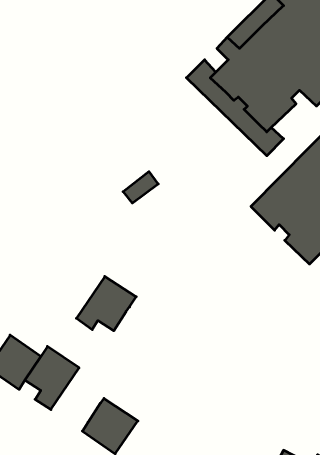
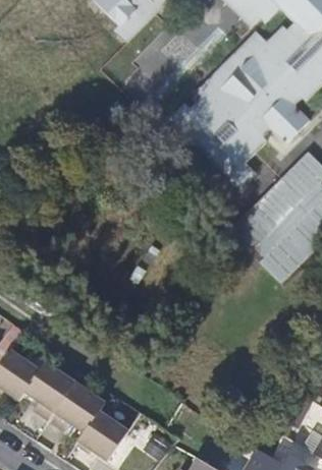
building: [76,276,136,331] -> [48,376,102,425]

